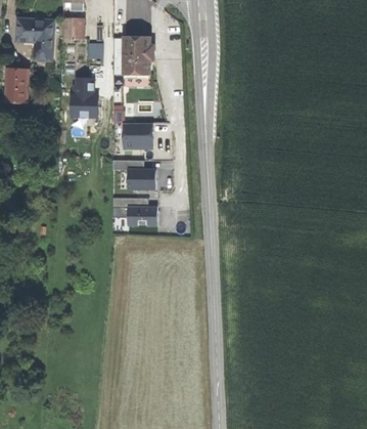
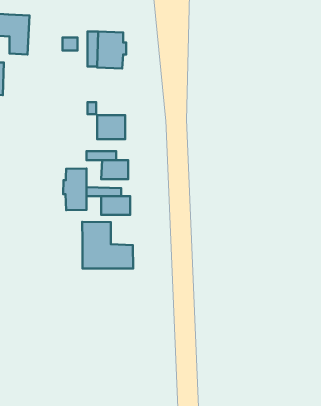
building: [62,17,83,39] -> none
building: [72,78,99,117] -> none
building: none -> [63,168,86,210]
building: none -> [82,222,133,268]

